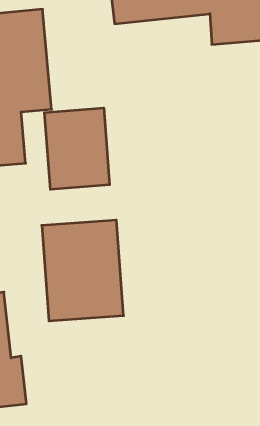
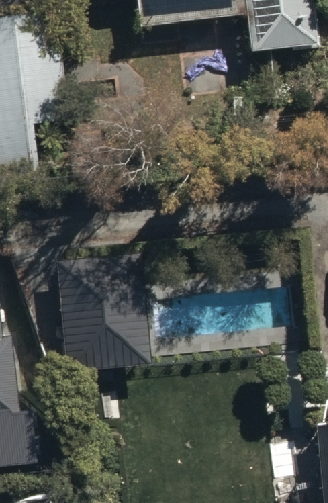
building: [45,108,110,189] -> none

